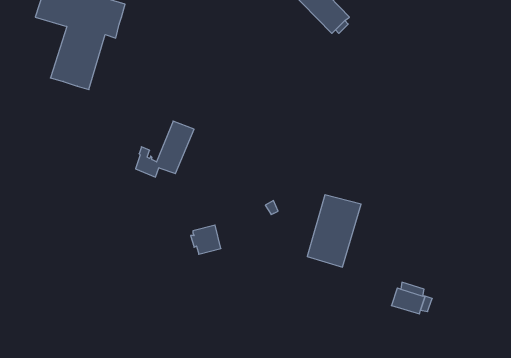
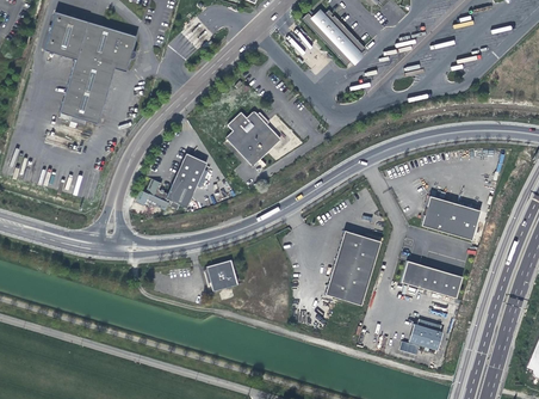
building: none -> [227,109,283,166]
building: none -> [417,196,478,240]
building: none -> [398,260,461,299]

